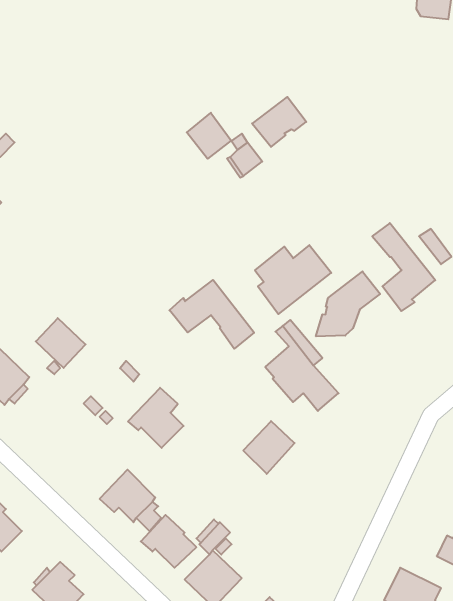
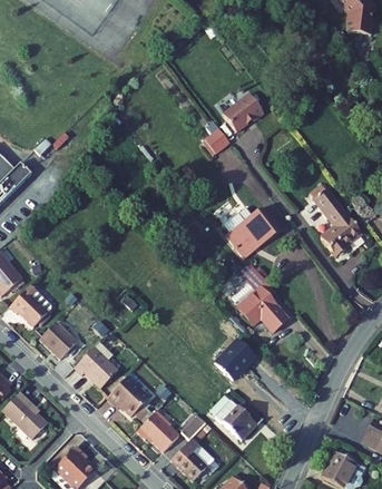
building: [187,113,231,159] -> none
building: [316,271,380,336] -> none
building: [169,280,254,349] -> none
building: [36,318,86,368] -> [39,322,77,360]
building: [128,388,184,448] -> [75,342,117,388]
building: none -> [215,400,262,439]

